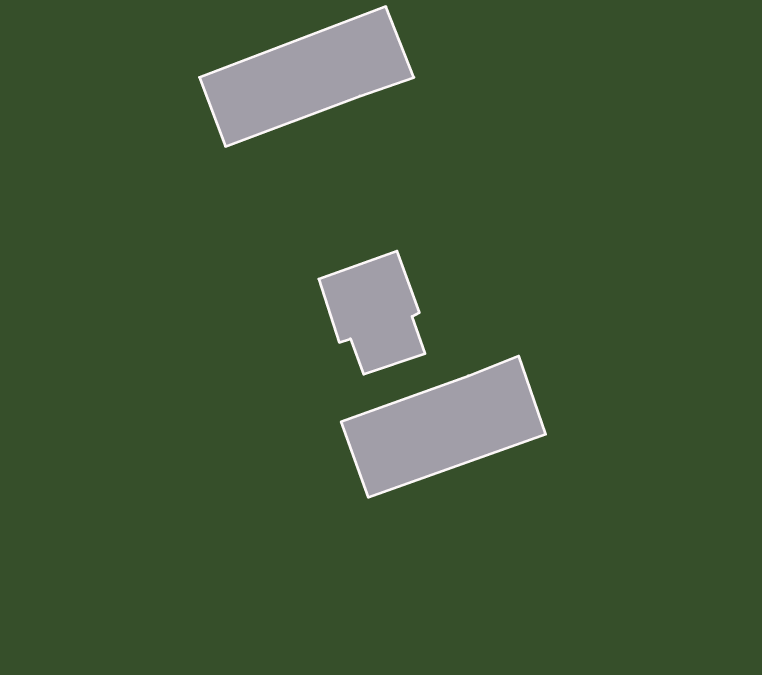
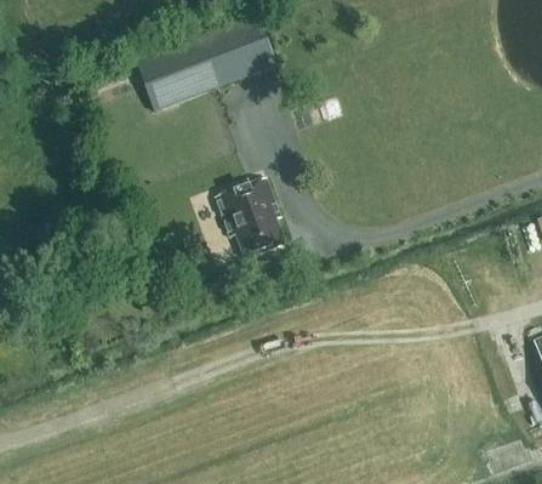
building: [341,356,546,497] -> none

